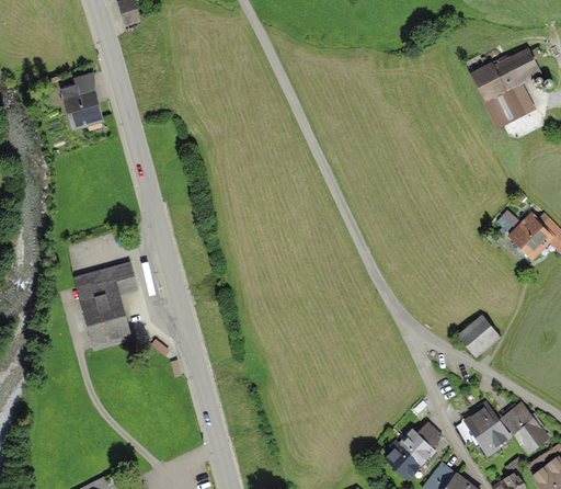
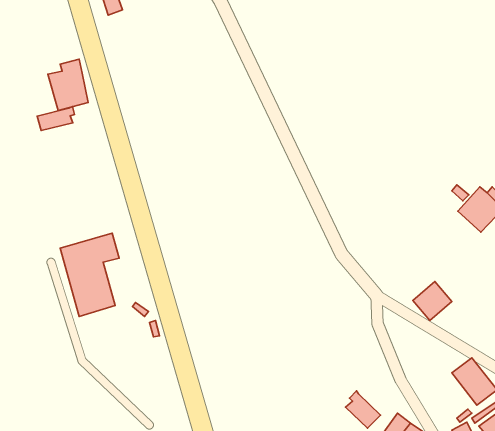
building: [470,49,539,130] -> none
building: none -> [37,107,75,131]
building: [457,397,511,454] -> none
building: [399,419,443,462] -> none

